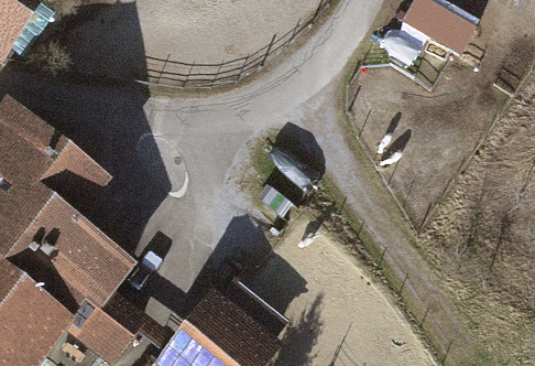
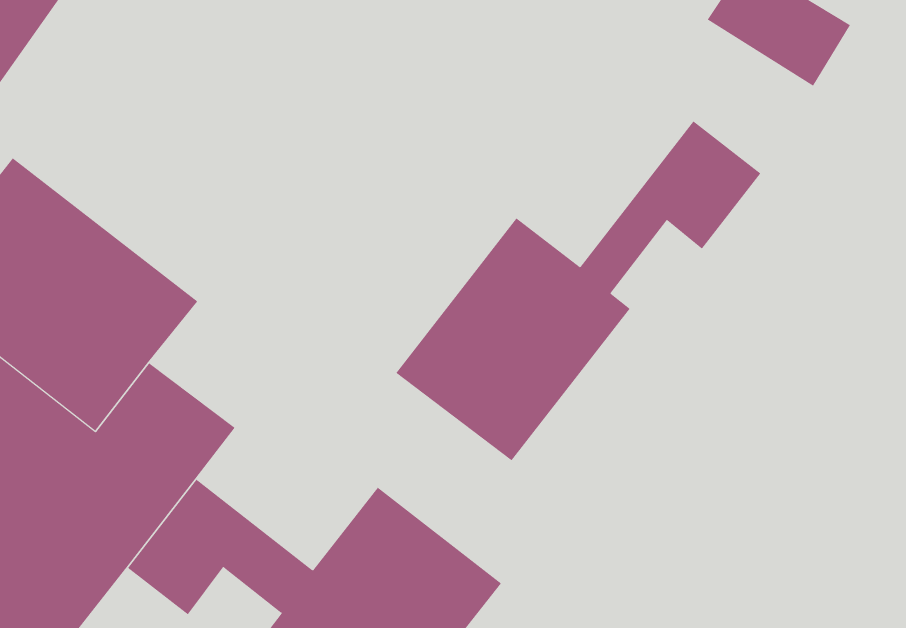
building: none -> [395,120,761,461]

